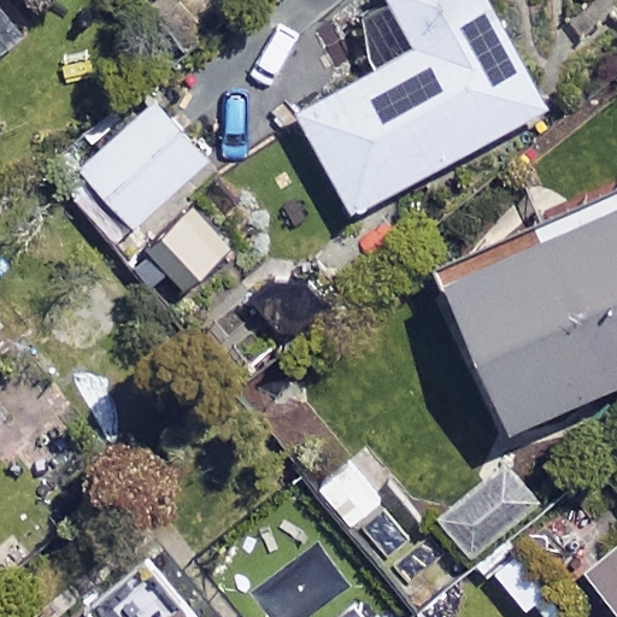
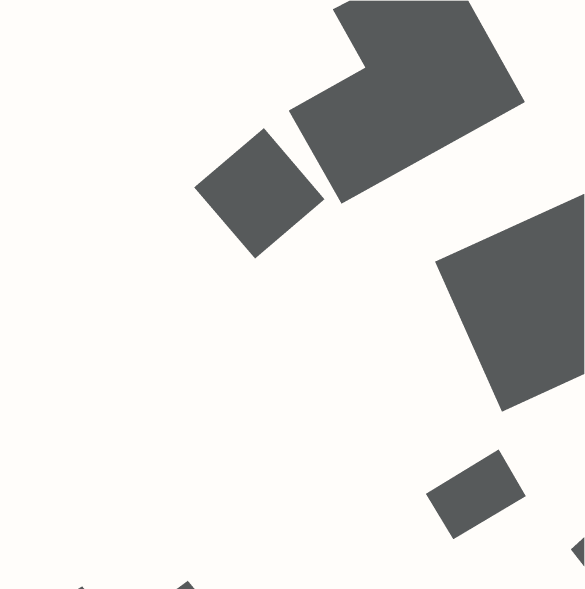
building: [69,92,206,229] -> [193,127,326,260]

